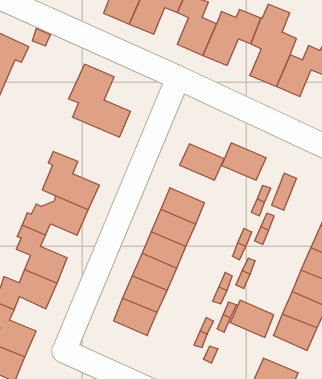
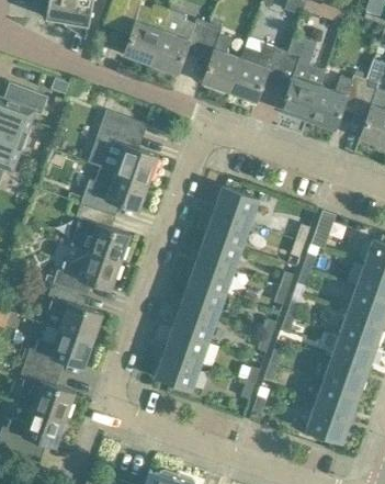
building: none -> [80,168,148,214]
building: [221,143,266,180] -> [204,211,250,248]
building: [230,300,274,337] -> [314,382,359,419]

